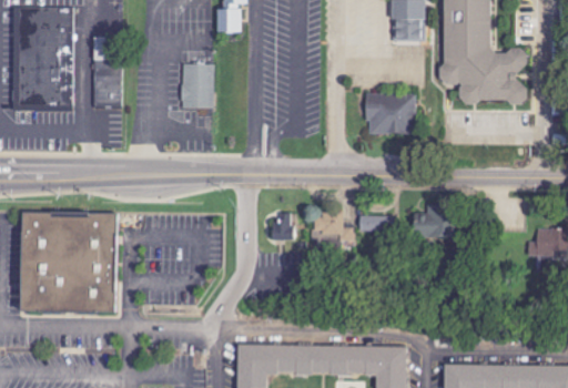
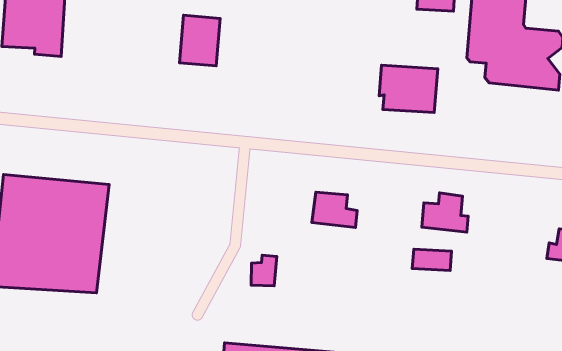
building: [270,211,292,238] -> [251,255,277,286]
building: [357,213,392,232] -> [412,249,452,271]

